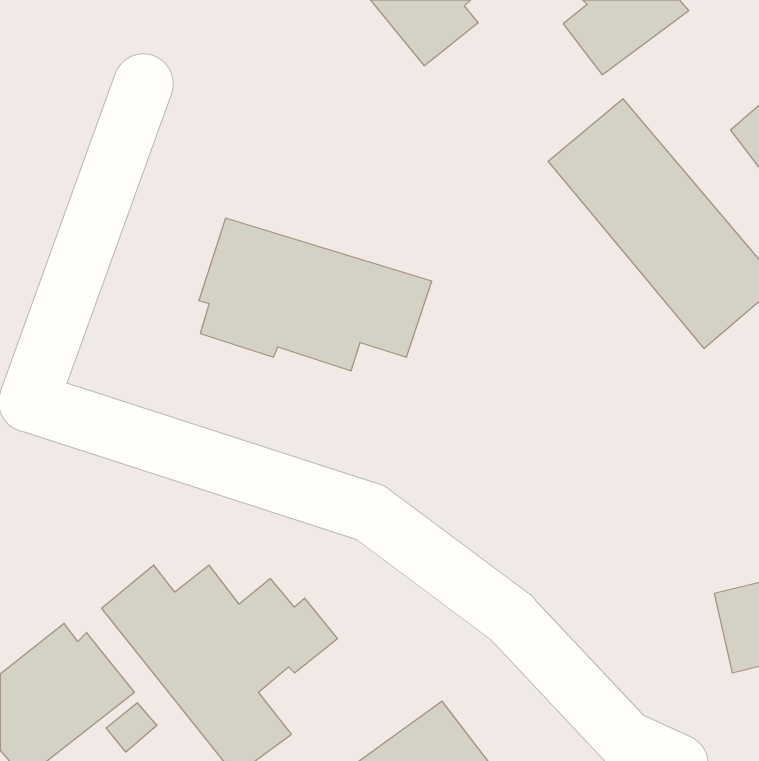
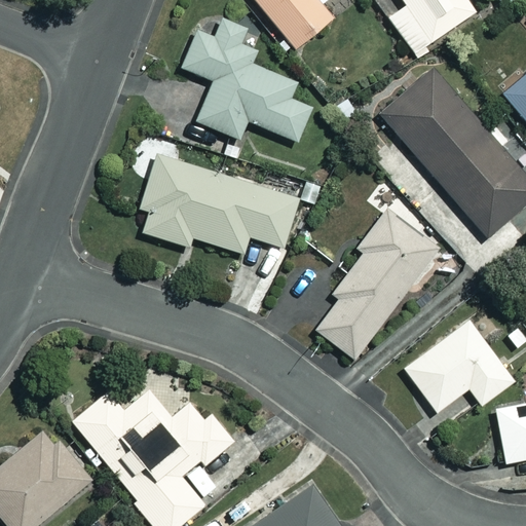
building: none -> [183,20,313,140]
building: none -> [316,200,443,359]
building: none -> [405,321,514,411]

